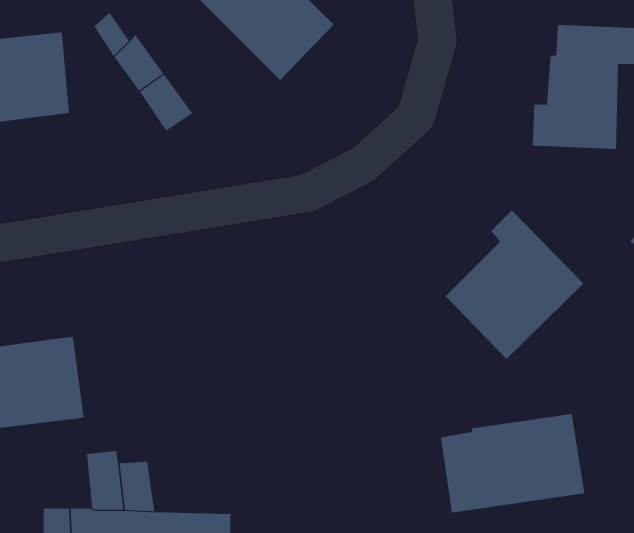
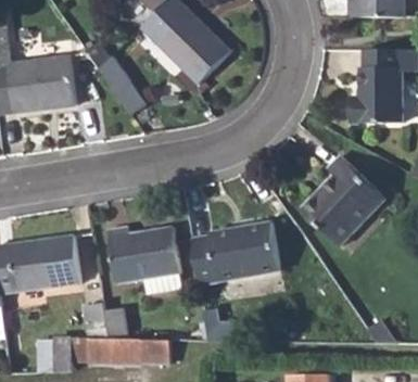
building: none -> [106,226,178,283]
building: [440,414,585,513] -> [192,228,279,288]

